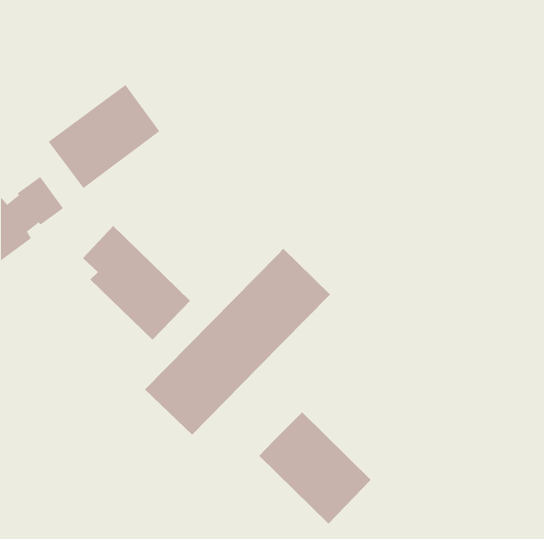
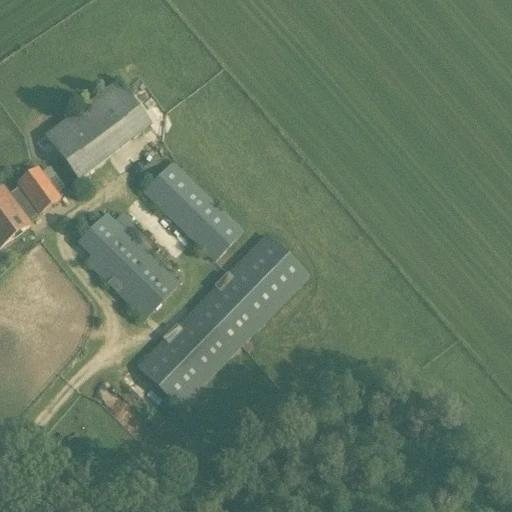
building: none -> [144,161,244,261]
building: [258,411,371,524] -> none

